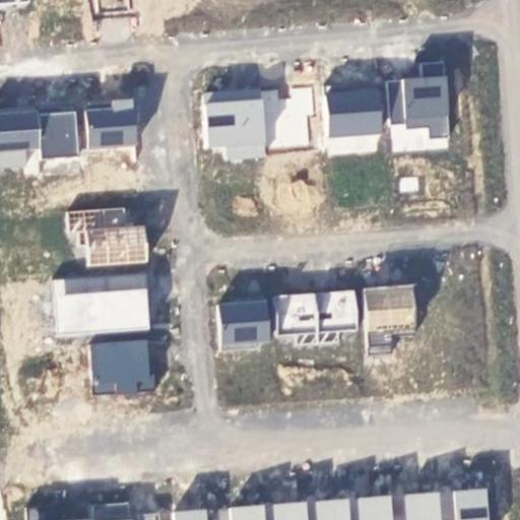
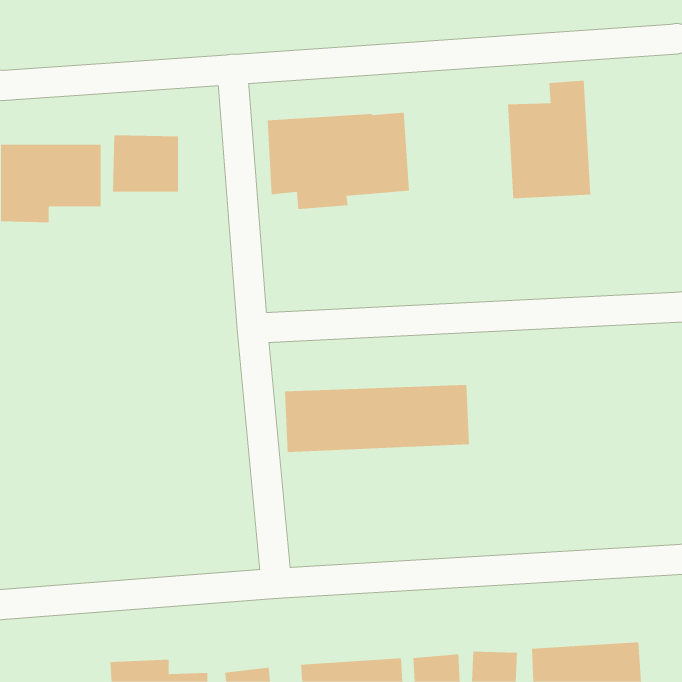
building: [324,86,383,154] -> none
building: [70,206,148,268] -> none
building: [51,272,150,336] -> none
building: [365,285,414,352] -> none
building: [90,340,150,393] -> none

